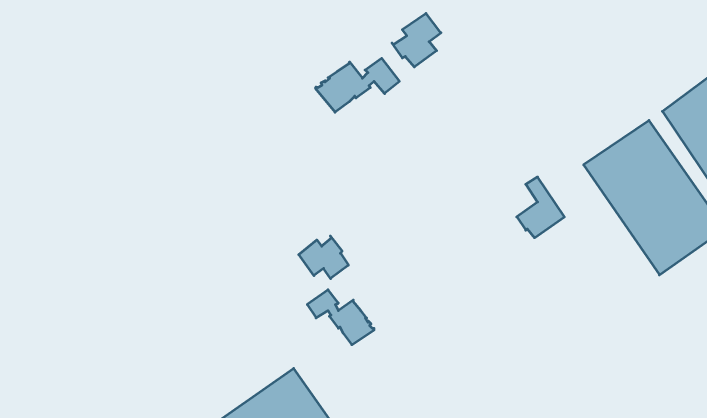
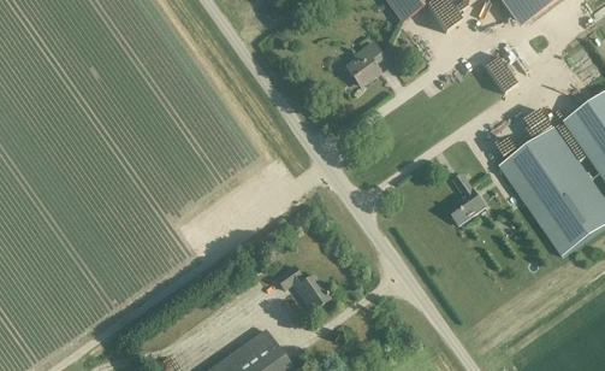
building: [316,58,399,112] -> none
building: [299,236,348,279] -> none

